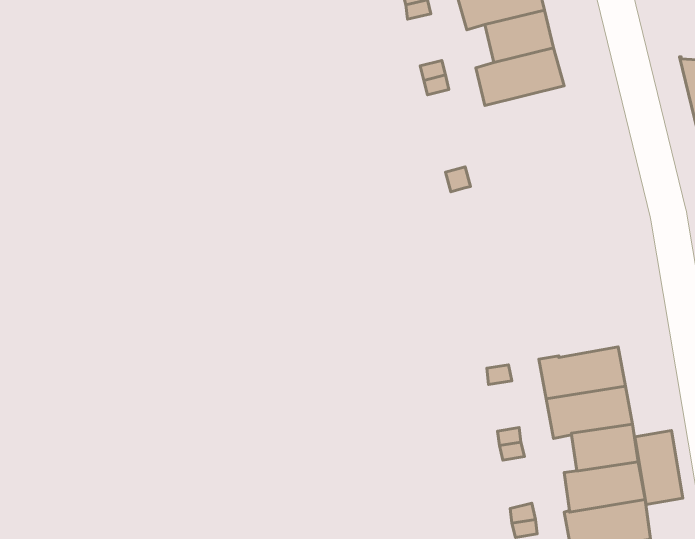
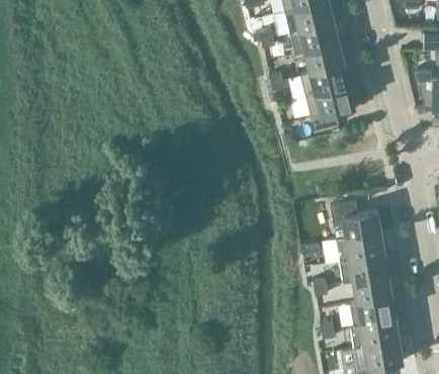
building: none -> [305,85,355,130]
building: none -> [330,200,380,238]
building: [635,430,683,505] -> none

